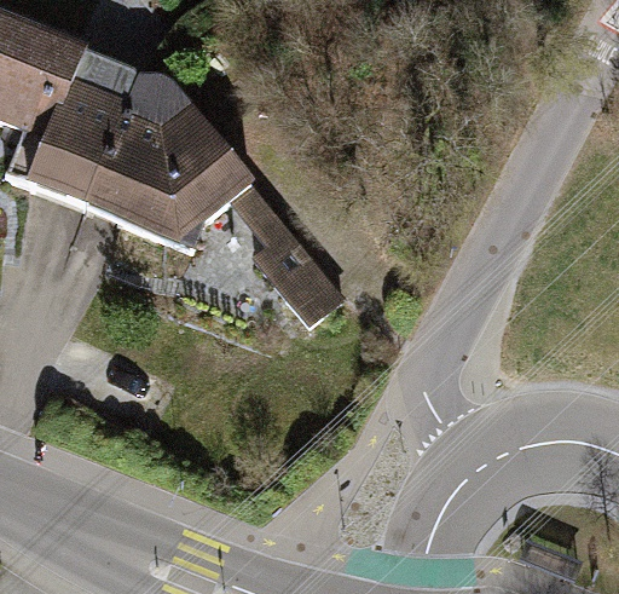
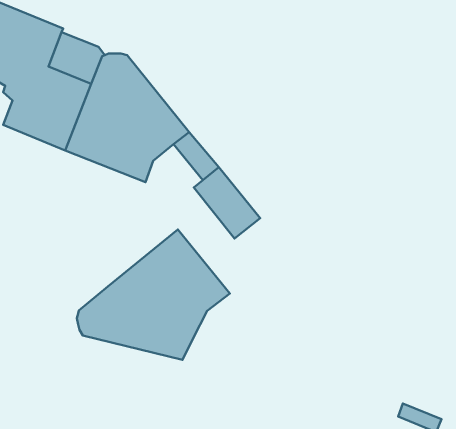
building: none -> [77,230,230,360]

